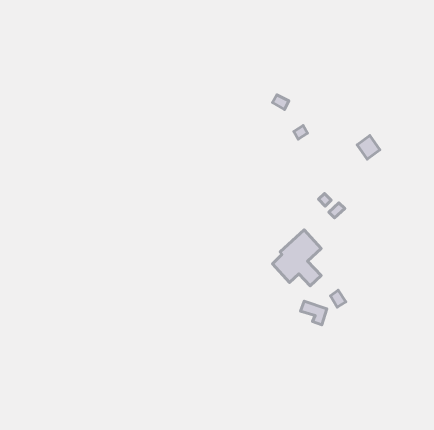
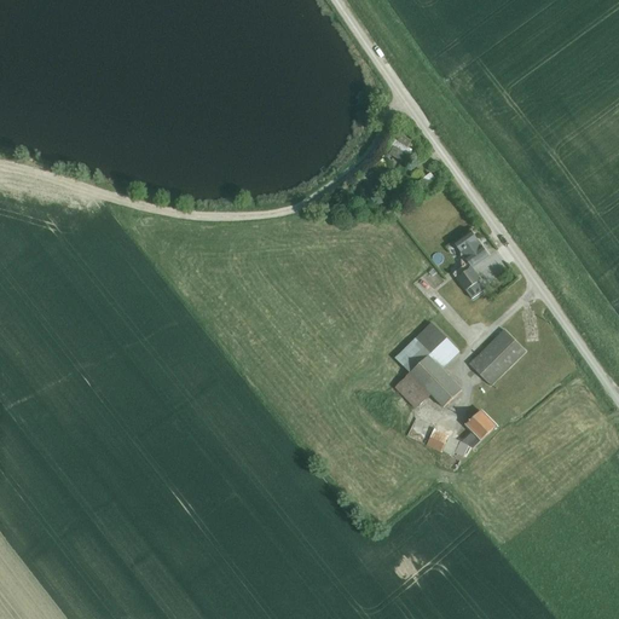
building: [357,136,380,159] -> [456,233,488,267]
building: none -> [475,328,525,376]

